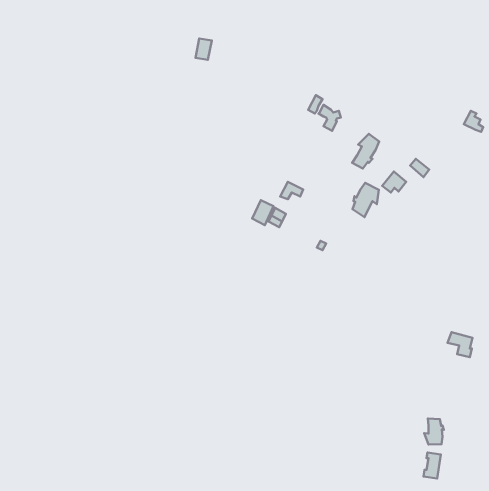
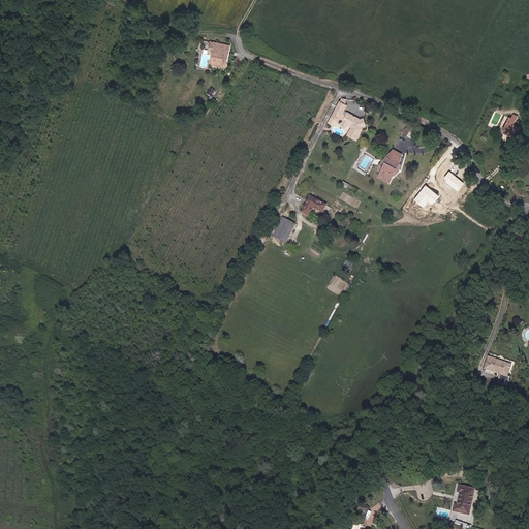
building: [352,183,379,217] -> none
building: [424,418,444,445] -> none

